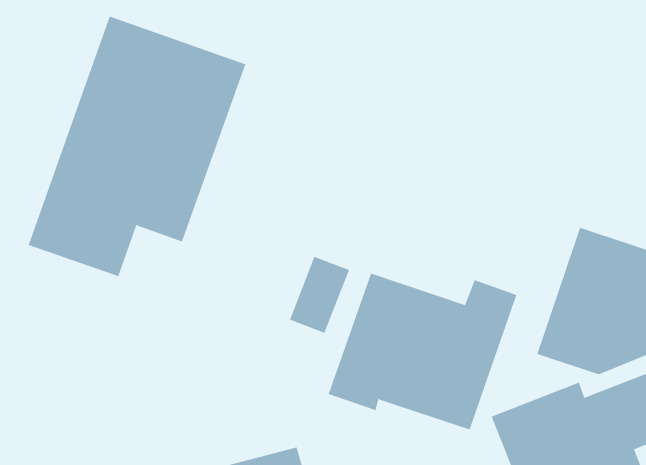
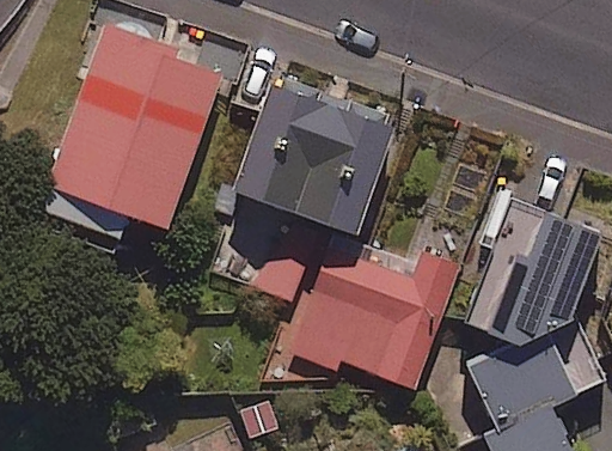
building: none -> [234,83,392,230]

